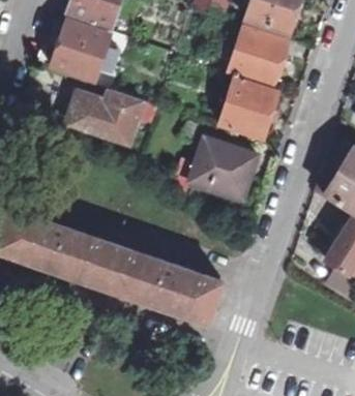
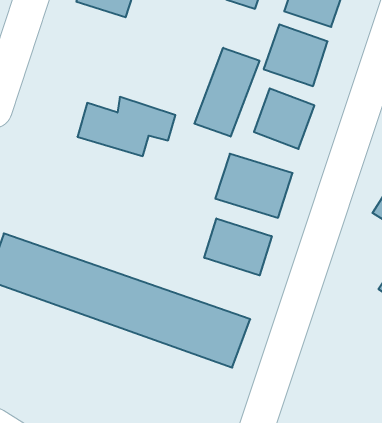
building: [51,22,110,82] -> none
building: none -> [194,48,259,137]
building: none -> [204,218,272,275]

